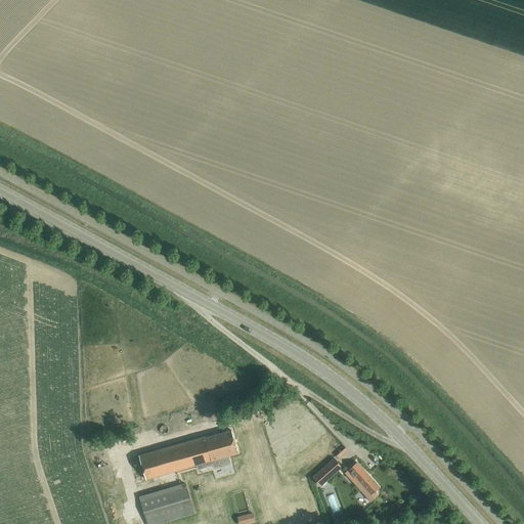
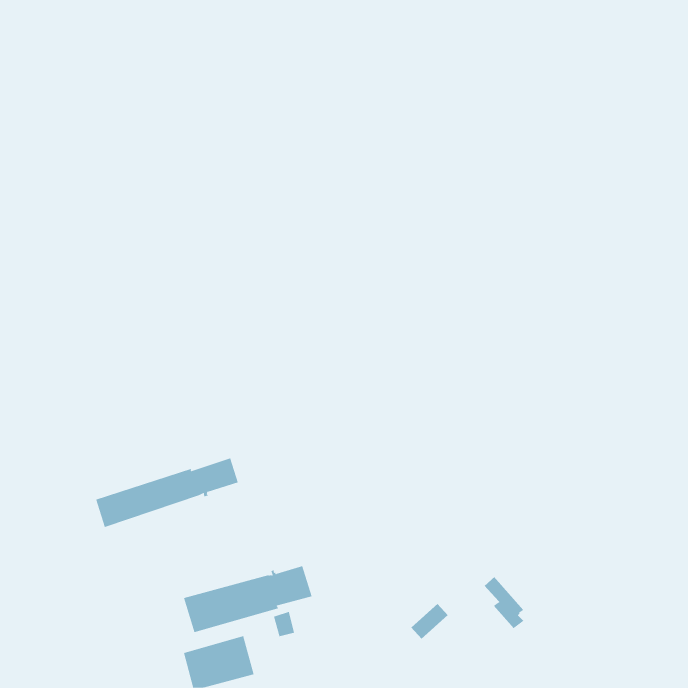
building: none -> [96,458,238,528]
building: [348,462,379,501] -> [484,576,524,629]

